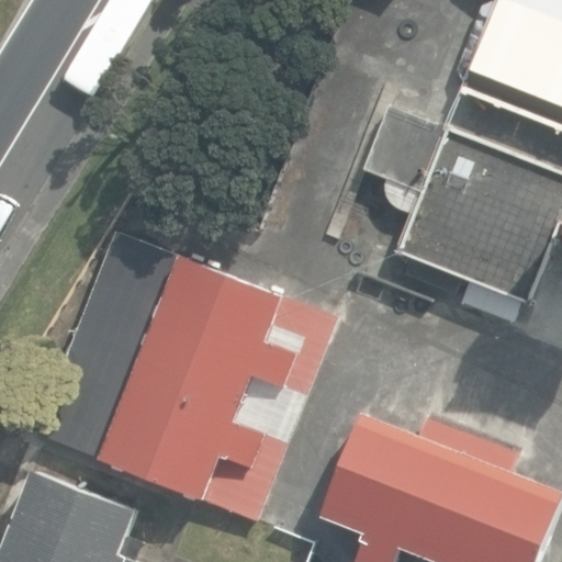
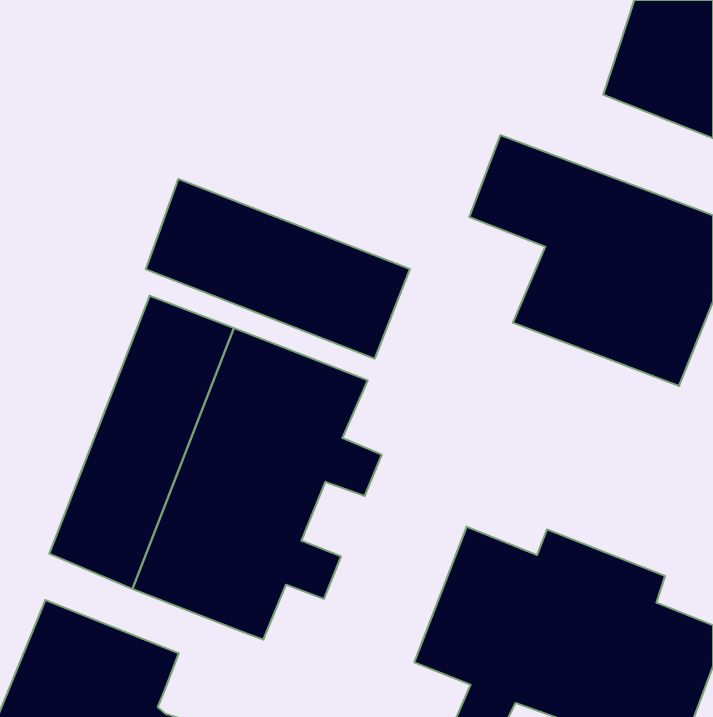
building: none -> [146,179,410,359]

